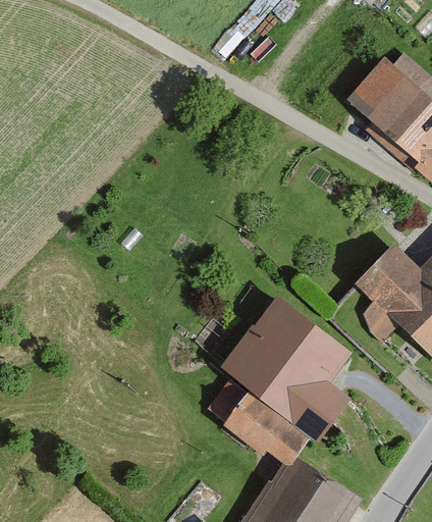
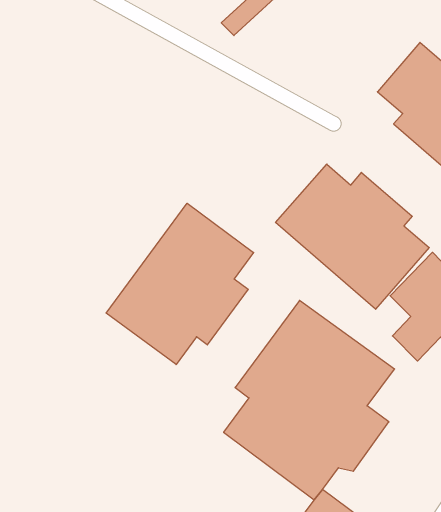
building: none -> [276,164,429,309]
building: none -> [106,203,254,365]

